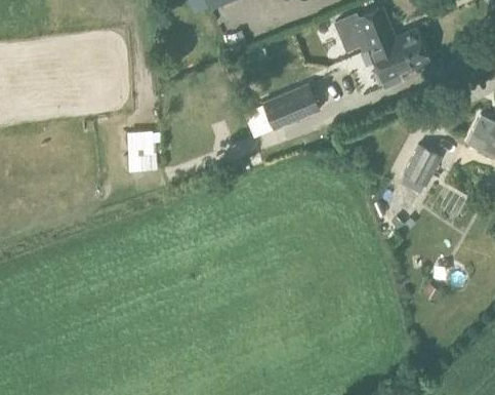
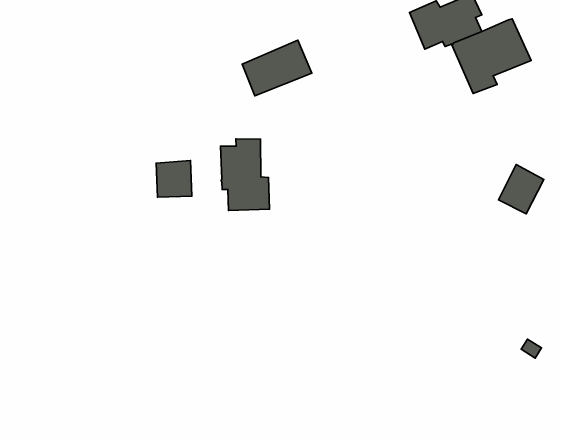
building: [262,85,319,130] -> [242,40,312,96]
building: none -> [220,139,269,211]

